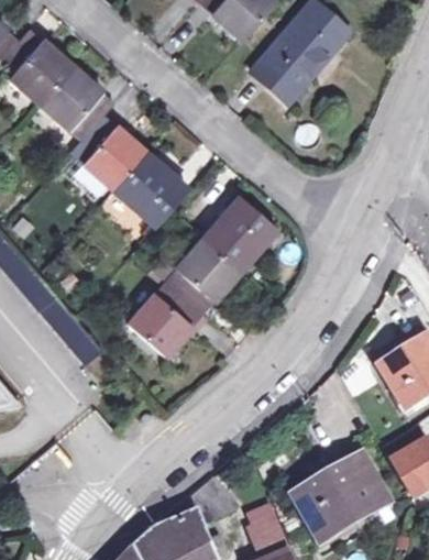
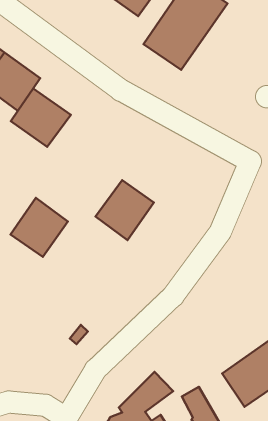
building: [113,153,188,227] -> none
building: [201,197,275,272] -> none
building: [128,282,200,355] -> [10,198,68,257]

